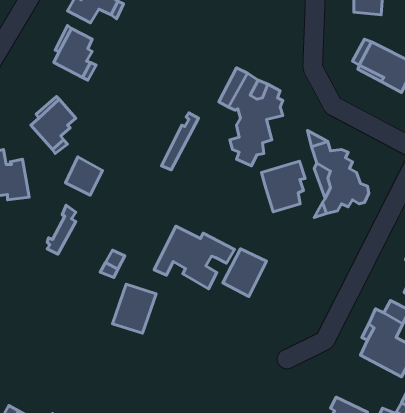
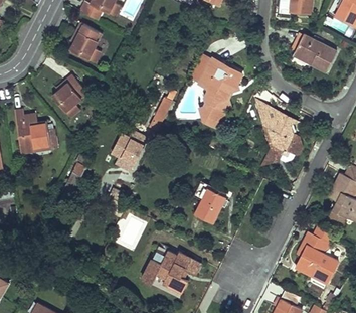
building: [66,157,102,195] -> [112,134,139,162]
building: [261,161,305,212] -> none
building: [154,226,235,289] -> [142,248,201,294]

